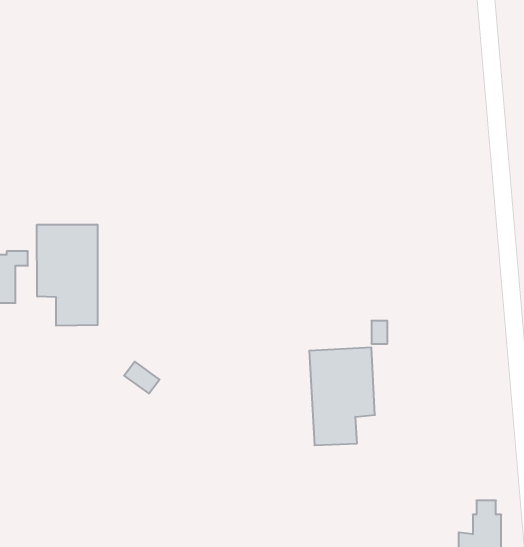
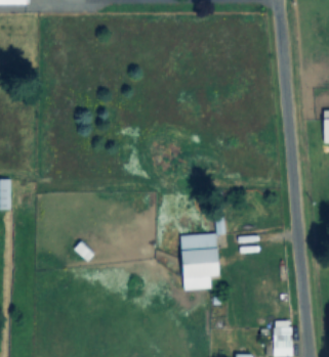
building: [37,225,98,326] -> none

